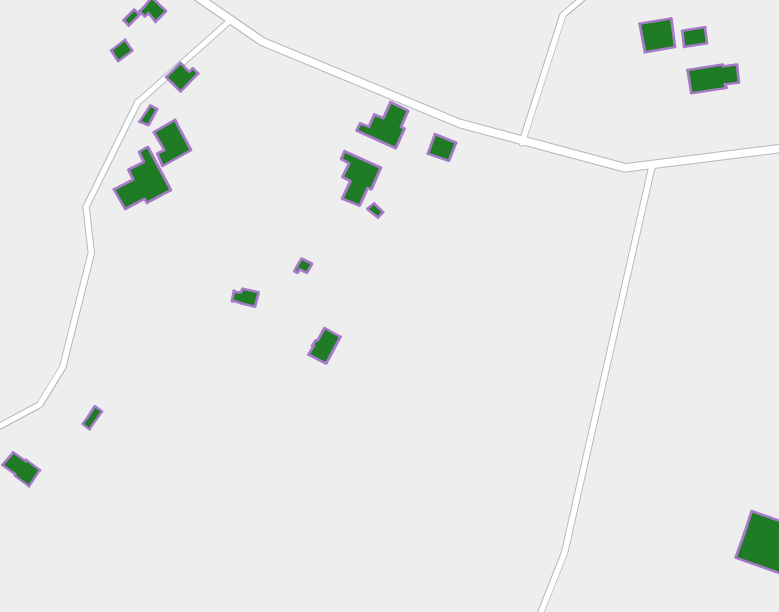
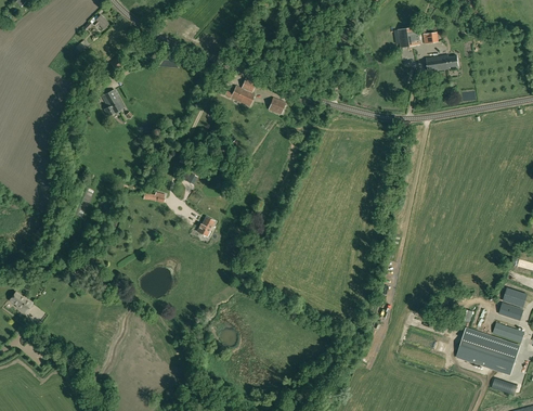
building: [114,147,171,209] -> none
building: [341,151,381,206] -> none

